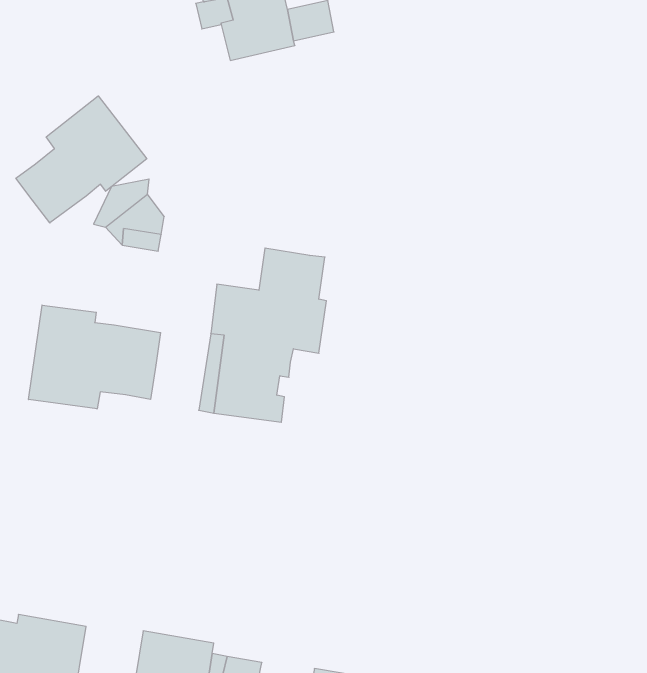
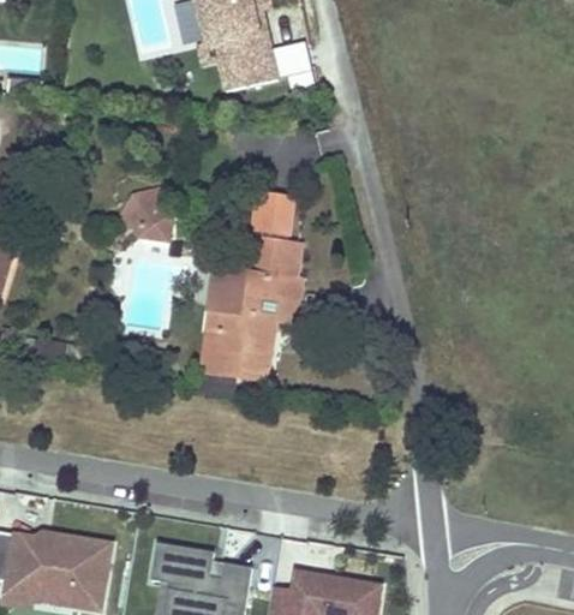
building: [16,96,147,223] -> none
building: none -> [253,193,297,246]
building: [29,305,161,409] -> none

